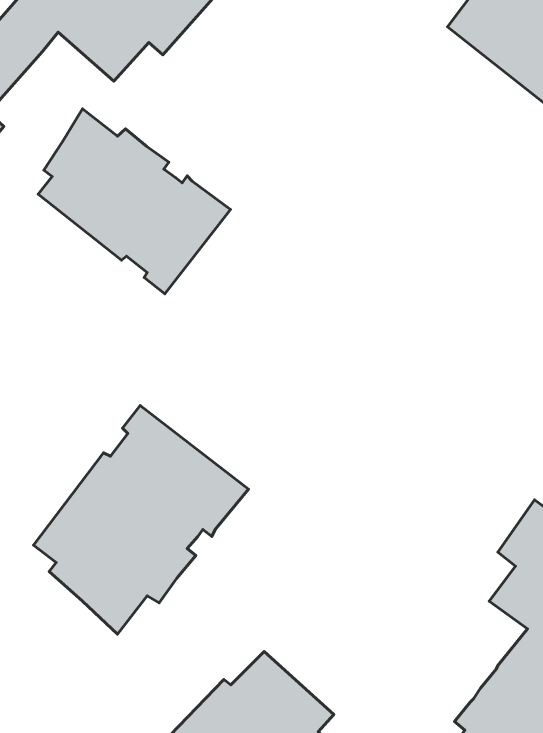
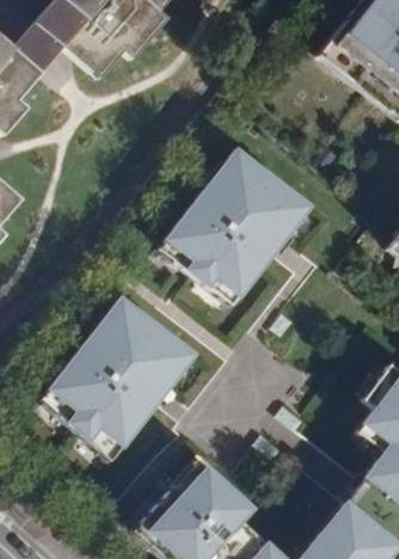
building: [38,109,231,294] -> none
building: none -> [165,156,312,309]

